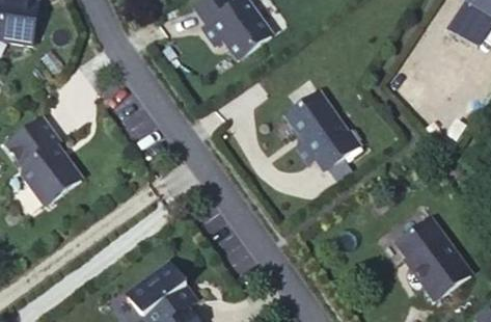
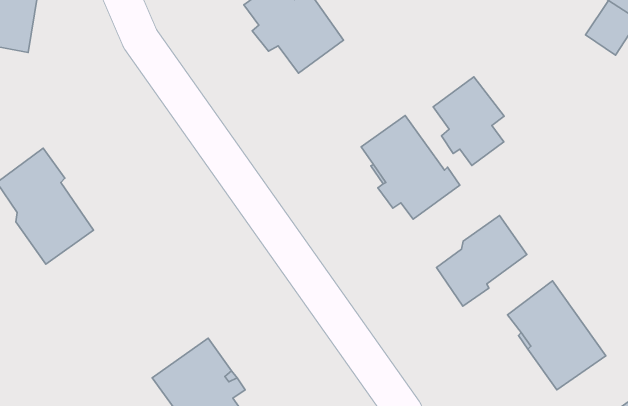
building: none -> [433,77,504,166]
building: none -> [436,216,527,306]

